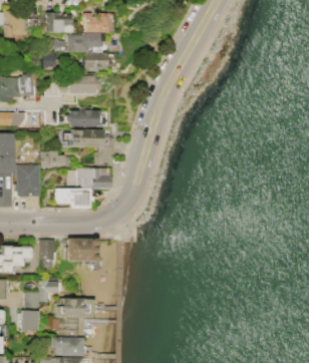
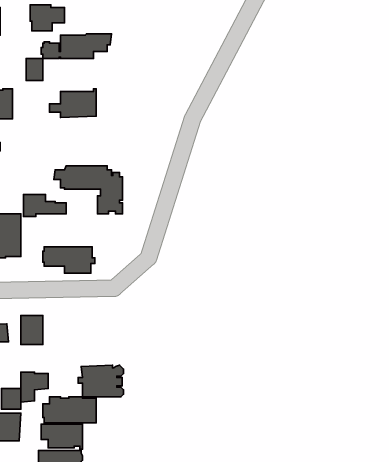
building: [84,13,108,32] -> none
building: [84,52,106,71] -> none
building: [66,109,101,126] -> none
building: [67,167,111,189] -> none
building: [64,238,97,261] -> [78,365,124,397]

